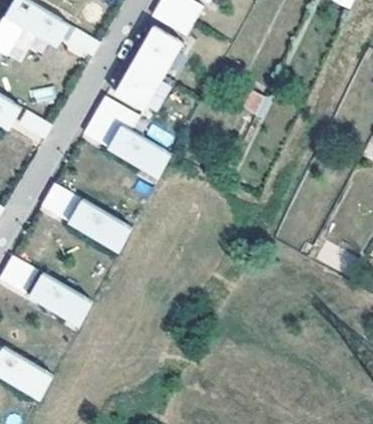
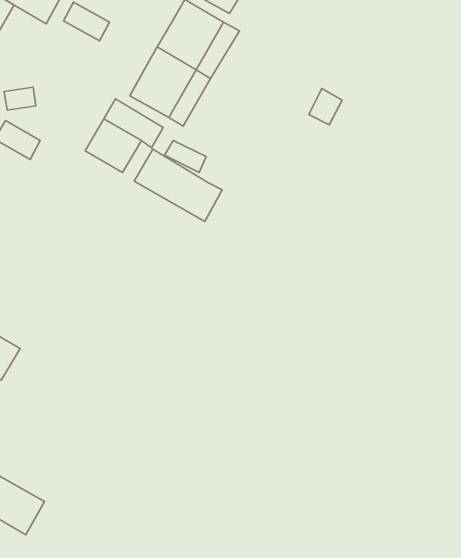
building: [41,182,80,219] -> none
building: [76,203,137,254] -> none
building: [35,275,96,327] -> none

